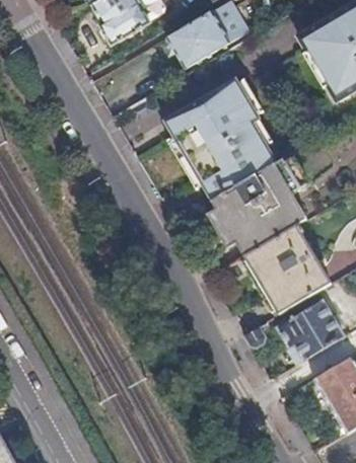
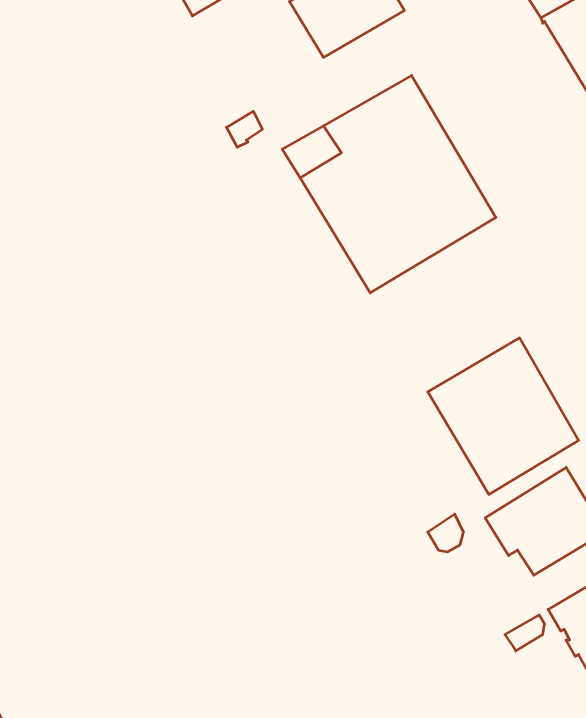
building: [212,158,307,256] -> none

